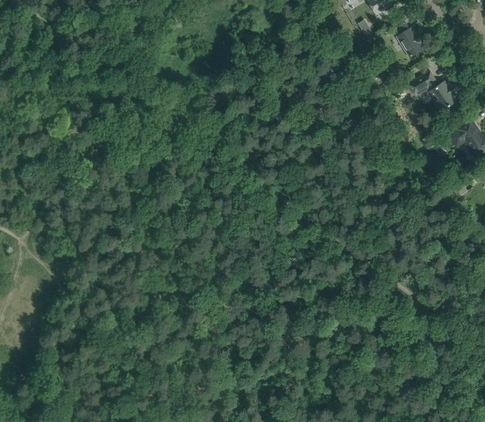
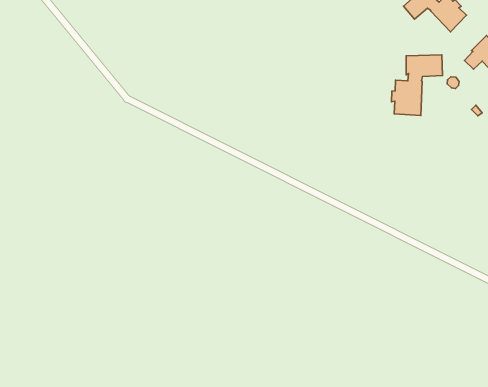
building: none -> [392,55,443,115]

